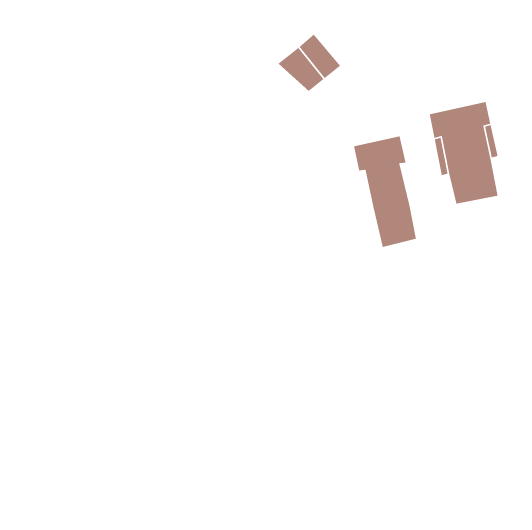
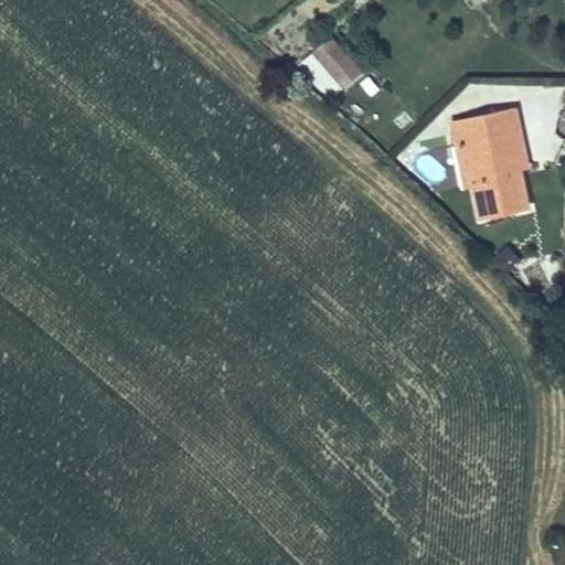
building: [353,135,417,248] -> none

